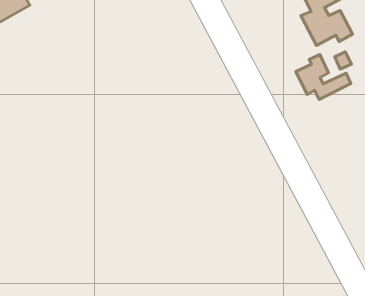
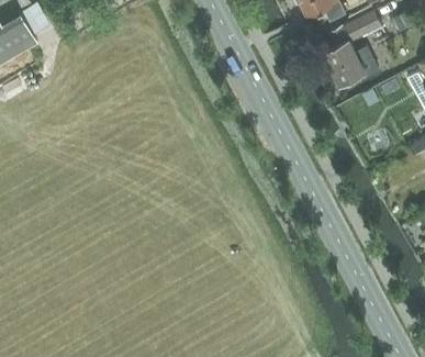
building: [296,55,351,100] -> none

